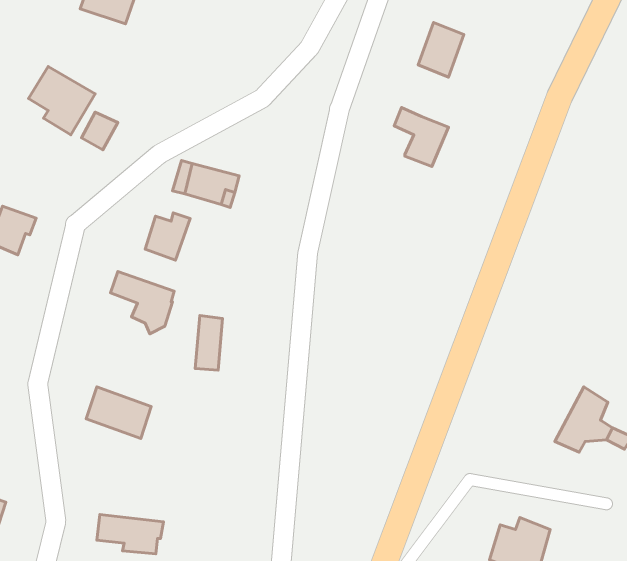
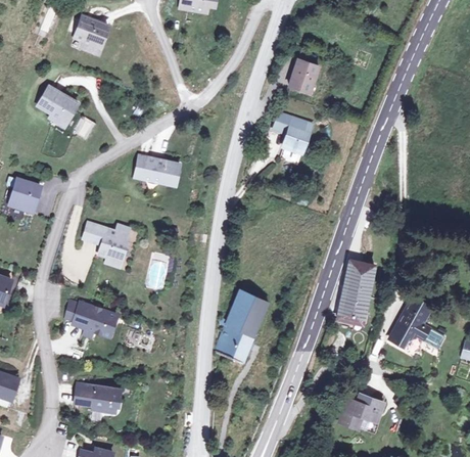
building: [145,213,190,260] -> none
building: none -> [336,262,374,321]
building: none -> [214,285,267,358]

